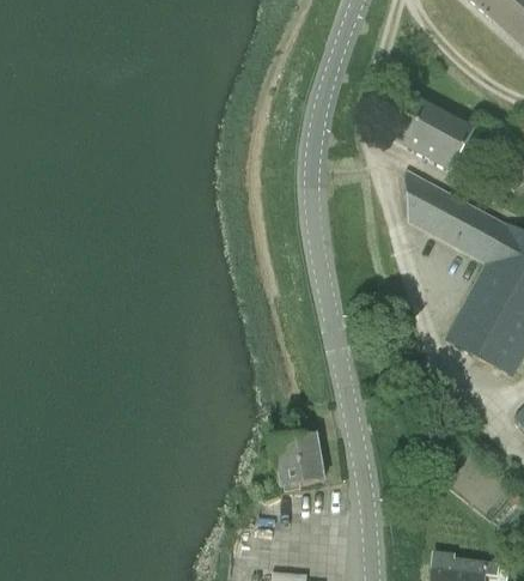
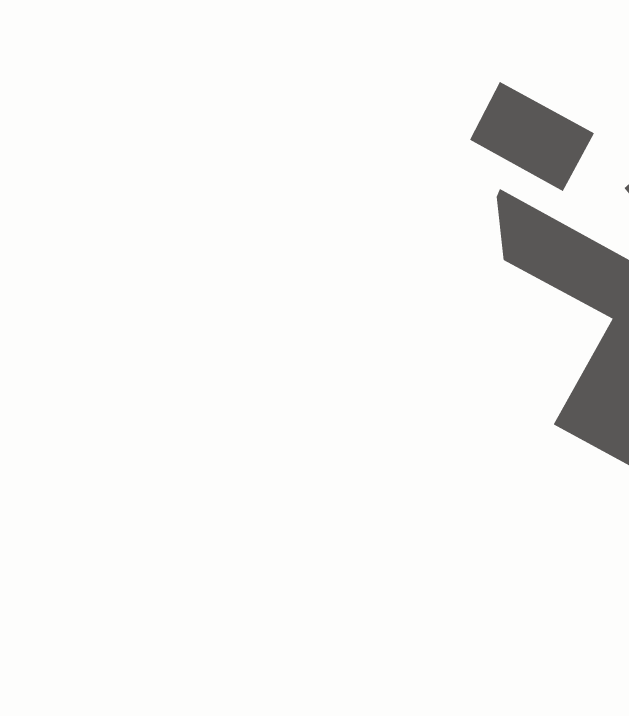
building: [275,436,325,492] -> none

